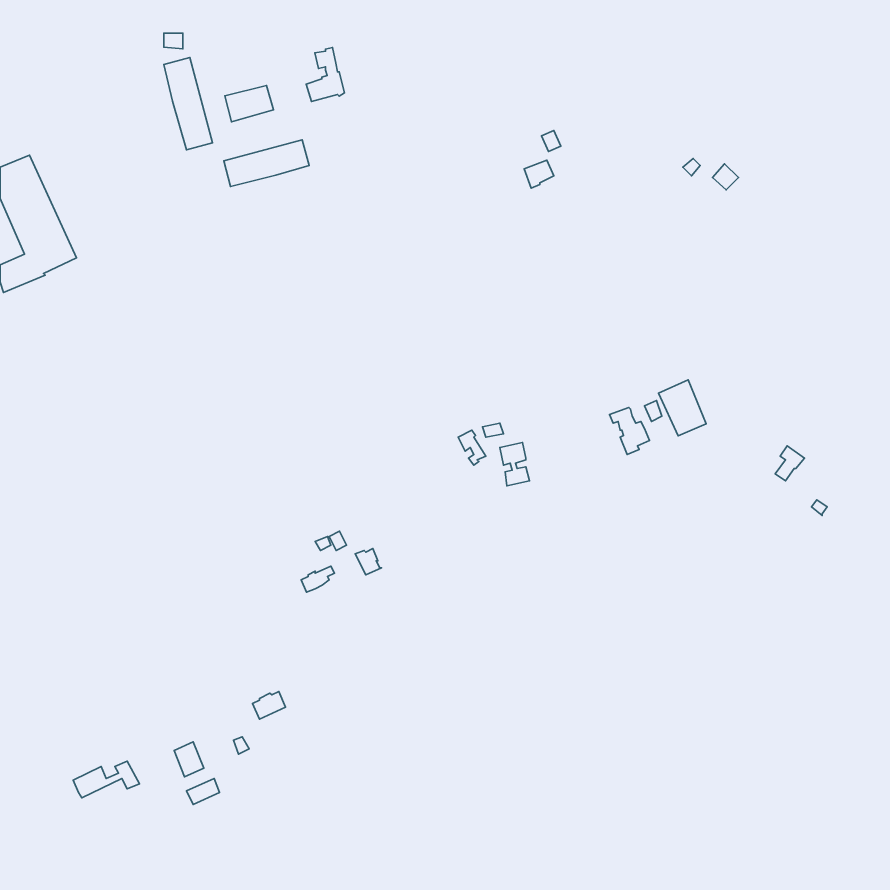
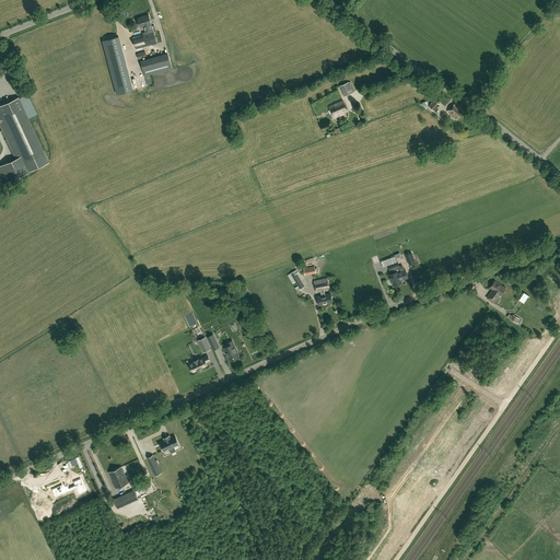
building: [306,48,345,102] -> [132,14,156,48]
building: [224,140,309,186] -> none
building: [658,380,706,436] -> none

